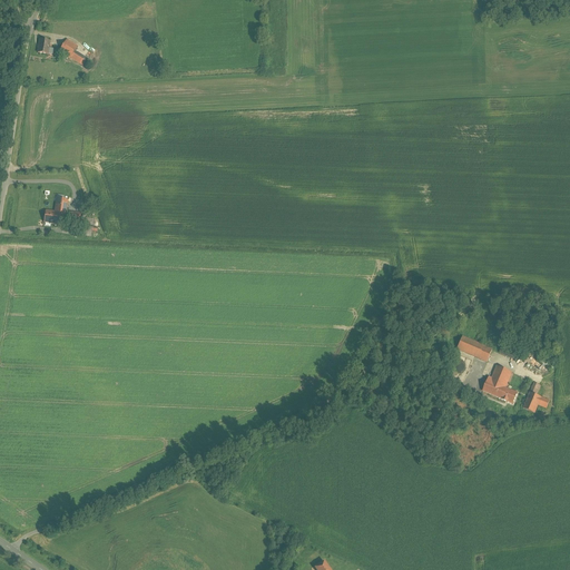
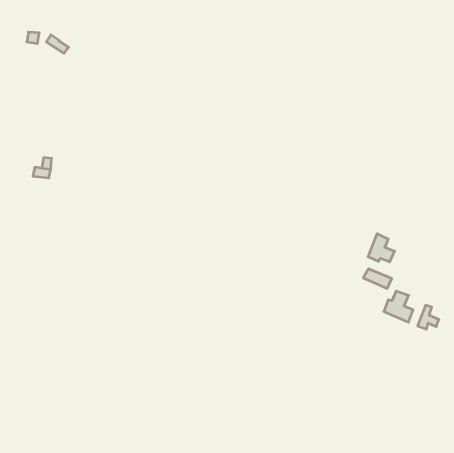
building: none -> [368,234,395,262]

